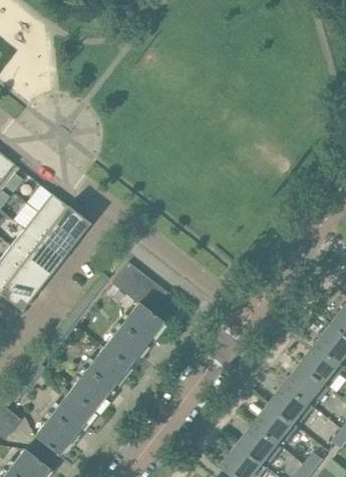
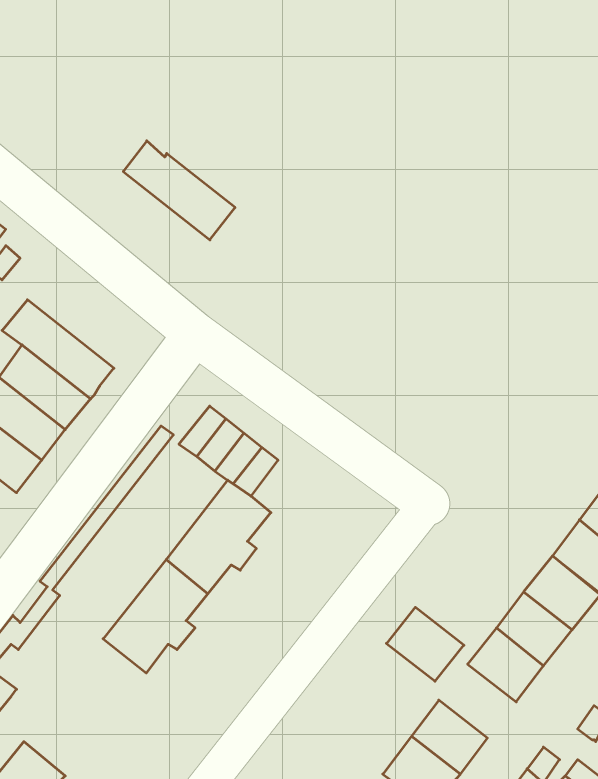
building: [26,186,88,242] -> [123,141,235,240]
building: [33,392,92,455] -> none
building: [255,406,298,447] -> [386,607,464,681]

